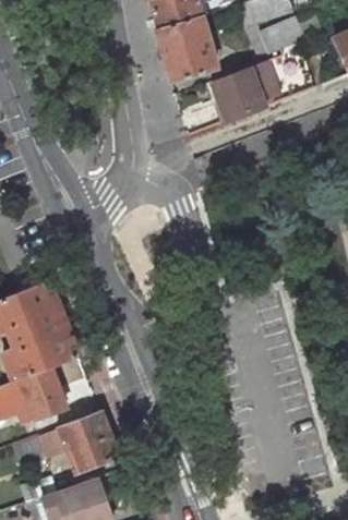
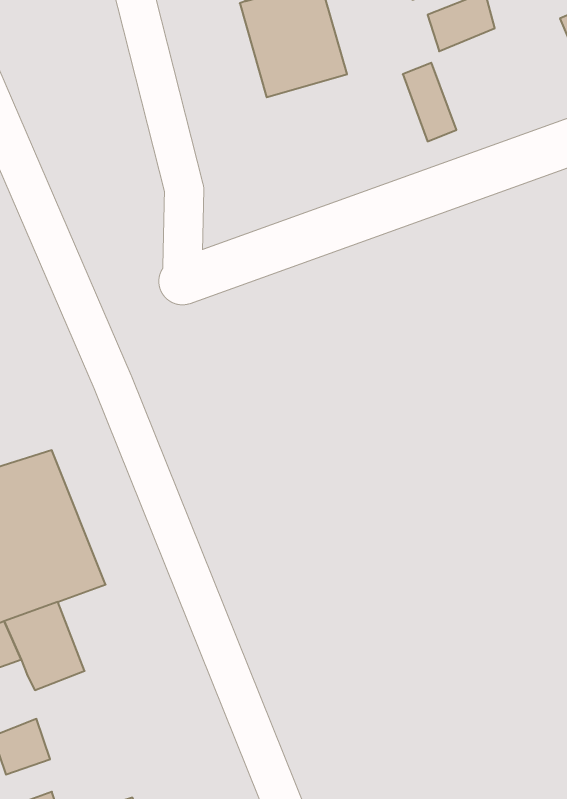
building: [209,68,262,121] -> none
building: [59,412,117,471] -> none

